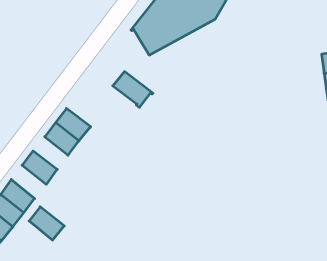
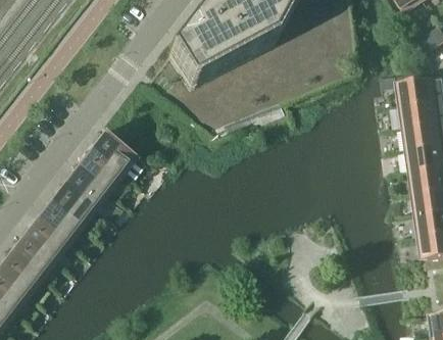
building: [113,72,153,107] -> [90,130,139,174]
building: none -> [49,182,92,222]
building: [29,207,64,240] -> [22,216,65,257]

